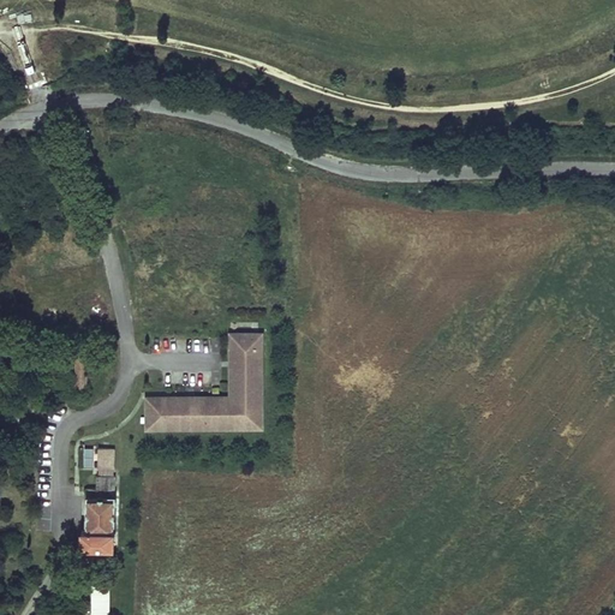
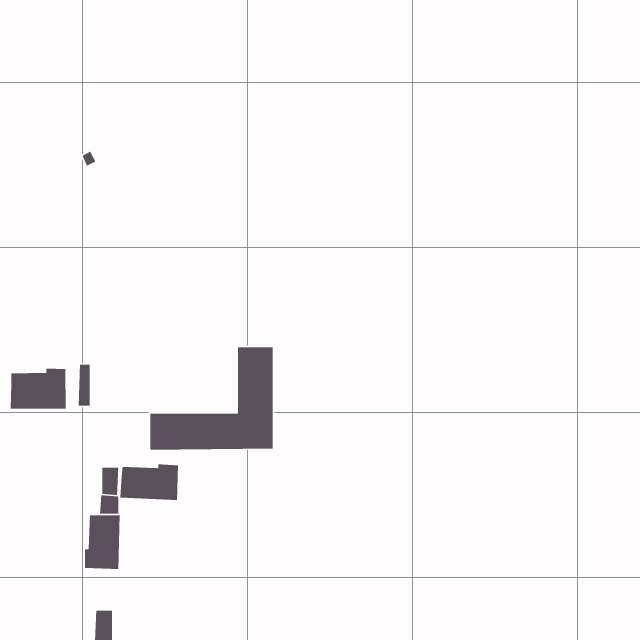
building: none -> [10,368,66,410]
building: none -> [120,464,179,501]

